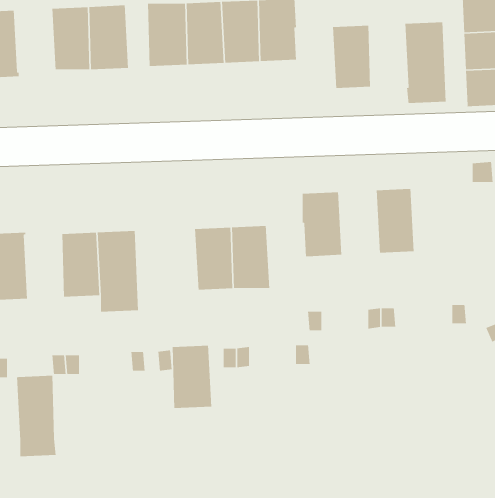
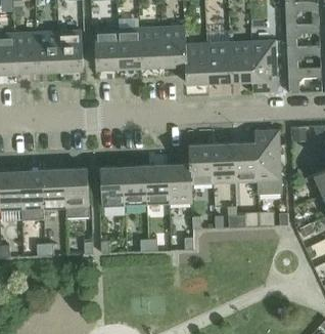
building: none -> [14,33,39,72]
building: none -> [230,42,253,81]
building: none -> [185,44,210,83]
building: none -> [253,131,281,194]
building: none -> [212,143,236,183]
building: none -> [168,164,193,204]
building: [172,345,212,409] -> [101,167,126,206]
building: [16,375,57,457] -> [20,170,45,220]

